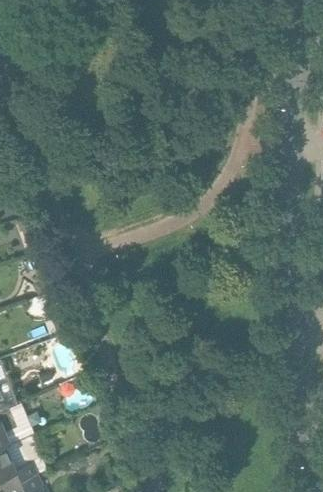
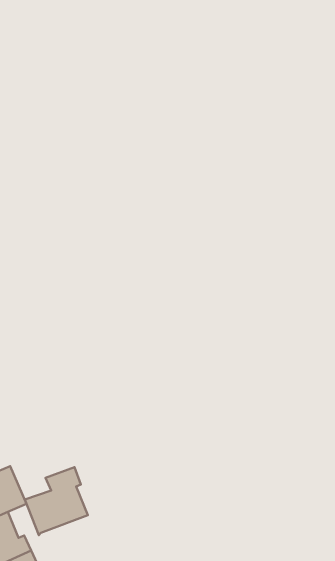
building: none -> [25,467,88,535]

